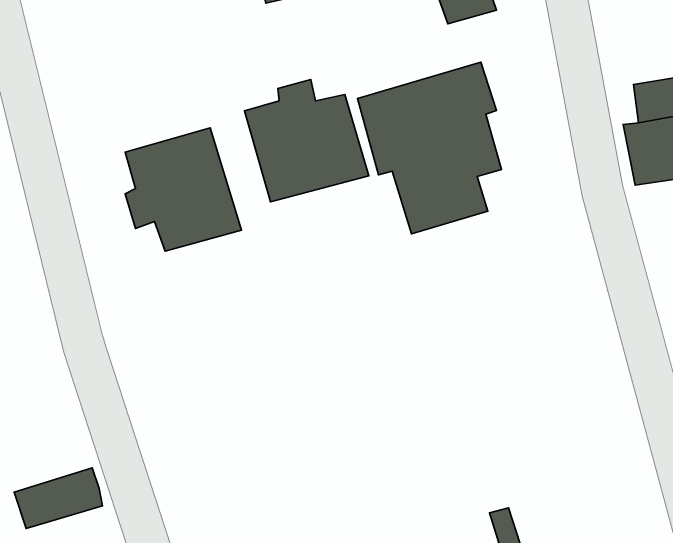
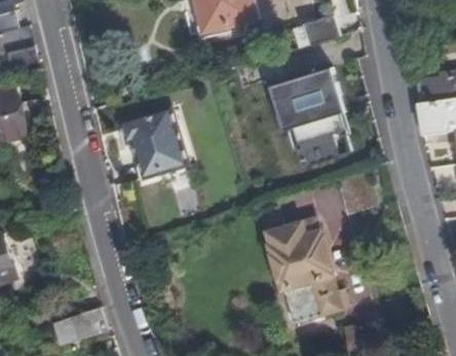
building: [244,80,369,202] -> none
building: none -> [266,217,342,322]

